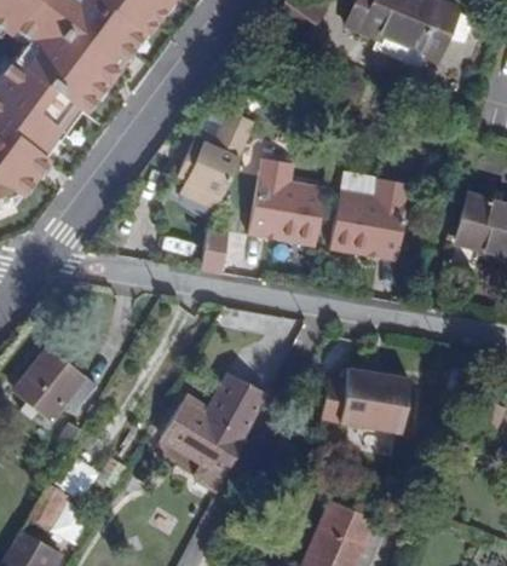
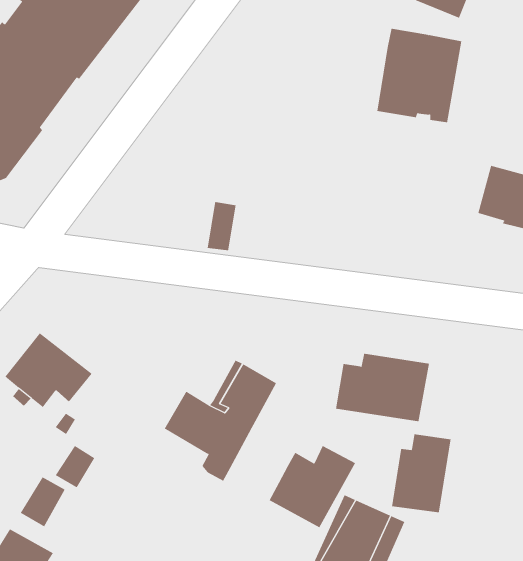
building: [179,117,253,208] -> none
building: [249,157,327,246] -> none
building: [332,172,411,260] -> [376,28,462,123]
building: none -> [392,433,451,513]
building: none -> [269,445,356,528]

